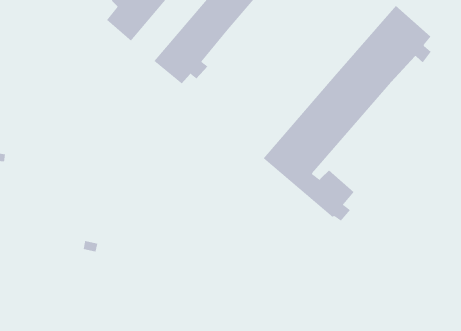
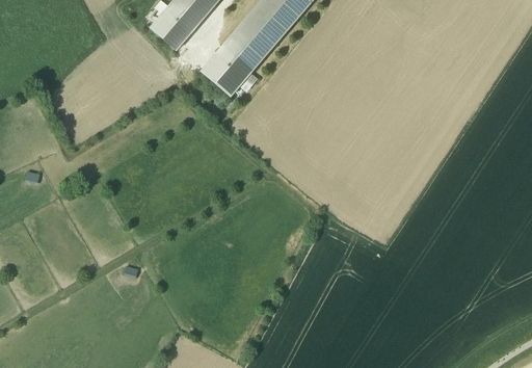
building: [263,5,432,221] -> none

